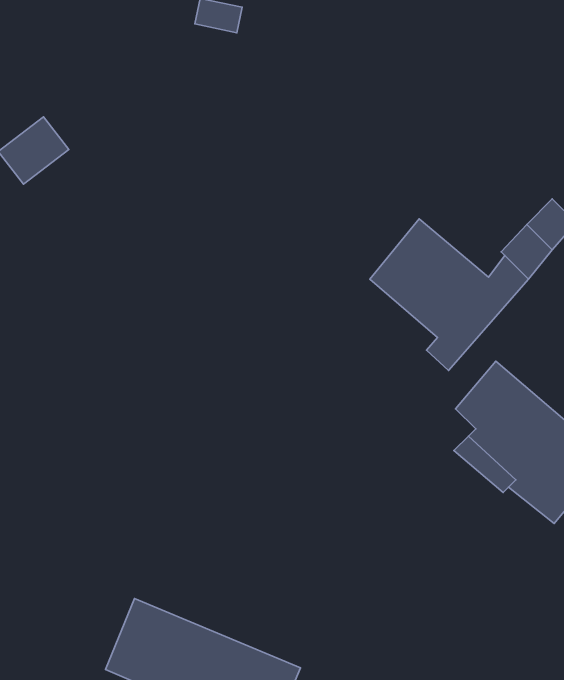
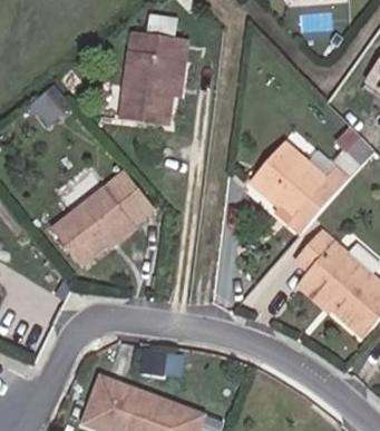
building: none -> [120,30,182,123]
building: none -> [52,170,146,261]

